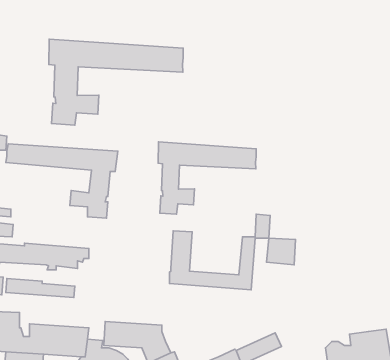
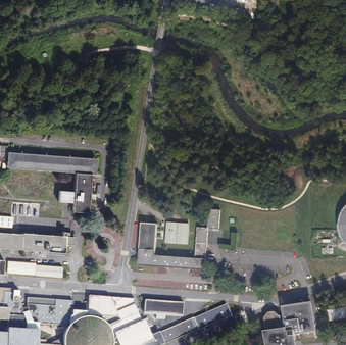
building: [49,39,183,125] -> none
building: [158,142,256,214] -> none
building: [266,238,295,265] -> [165,221,189,243]
building: none -> [143,298,183,316]

